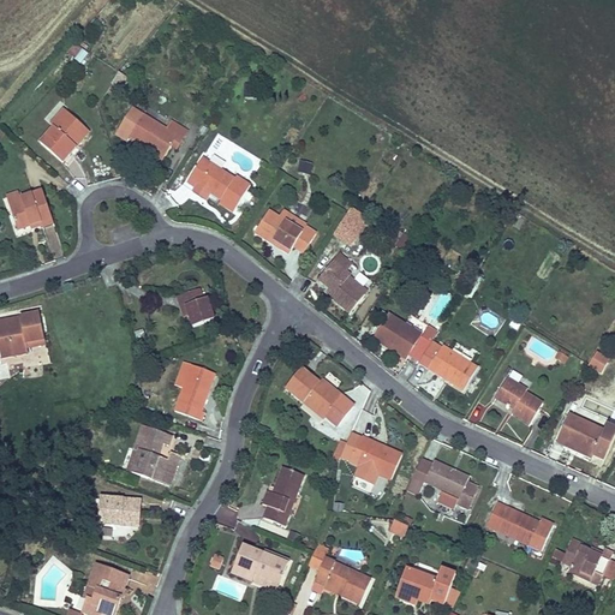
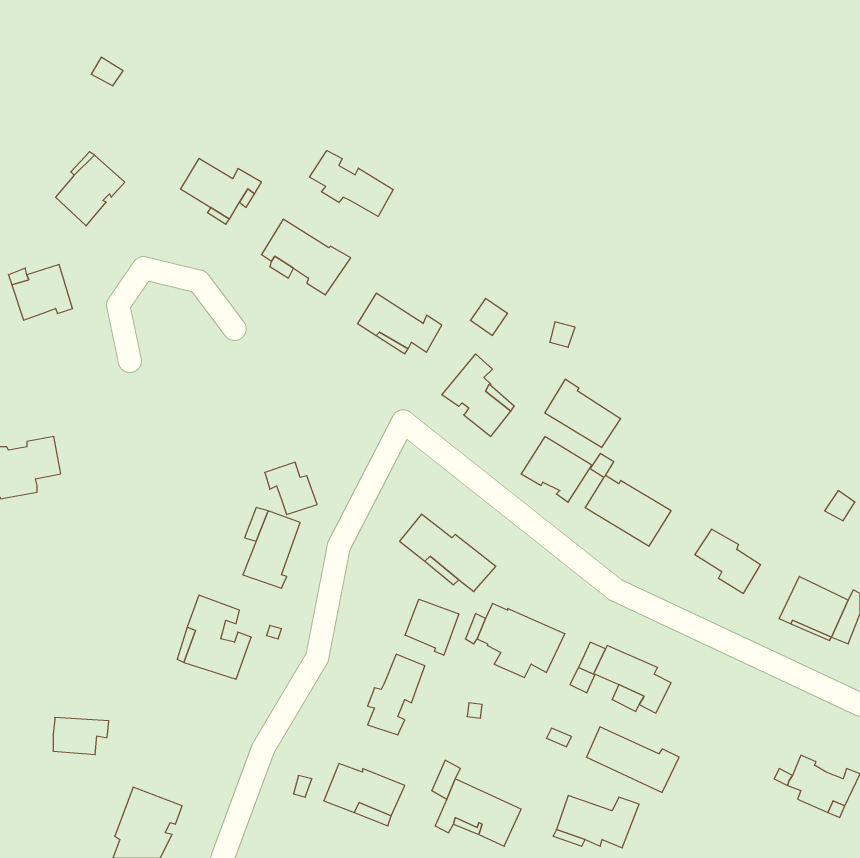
building: none -> [309,151,393,216]
building: none -> [545,379,621,448]
building: [177,287,214,324] -> [265,462,317,515]
building: none -> [405,599,459,655]
building: [100,497,139,524] -> [53,717,109,755]
building: [486,502,553,549] -> [586,727,679,792]

